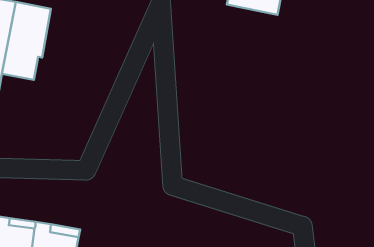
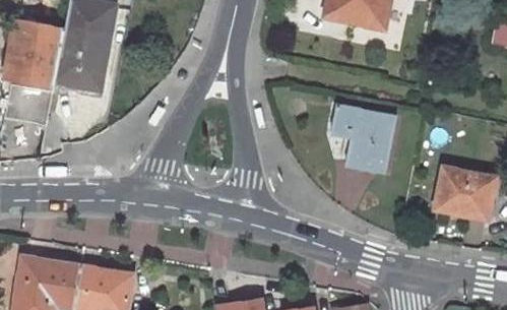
building: none -> [320,97,385,160]
building: none -> [425,162,484,213]

